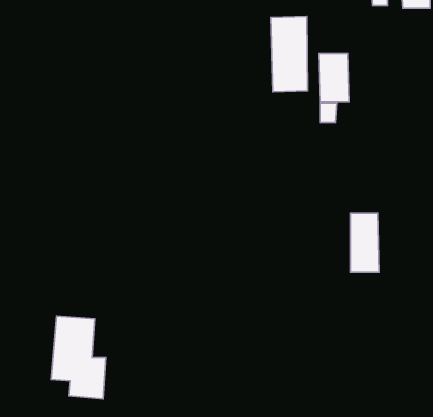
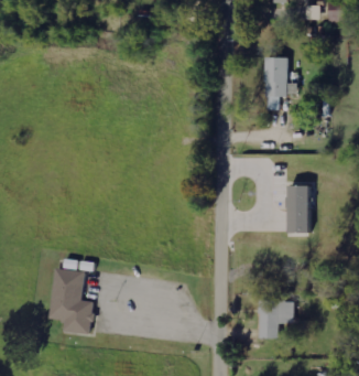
building: [271,17,307,92] -> none
building: none -> [258,300,292,339]

